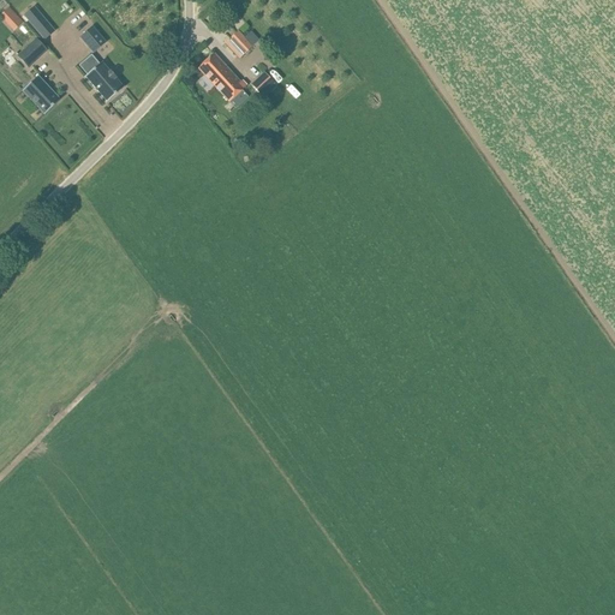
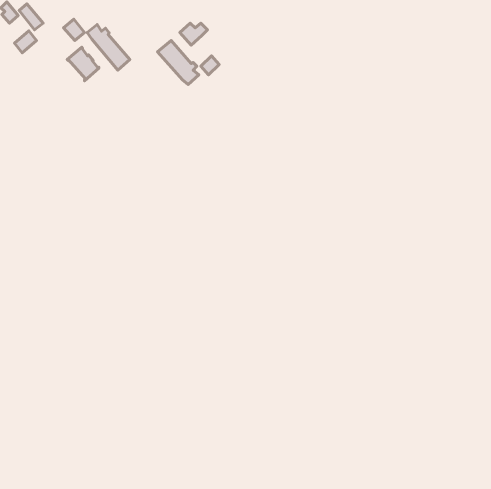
building: none -> [87,24,130,70]
building: [23,74,60,112] -> none

